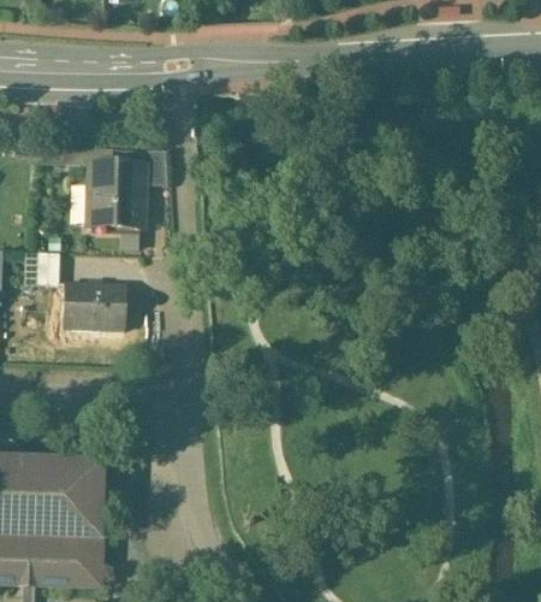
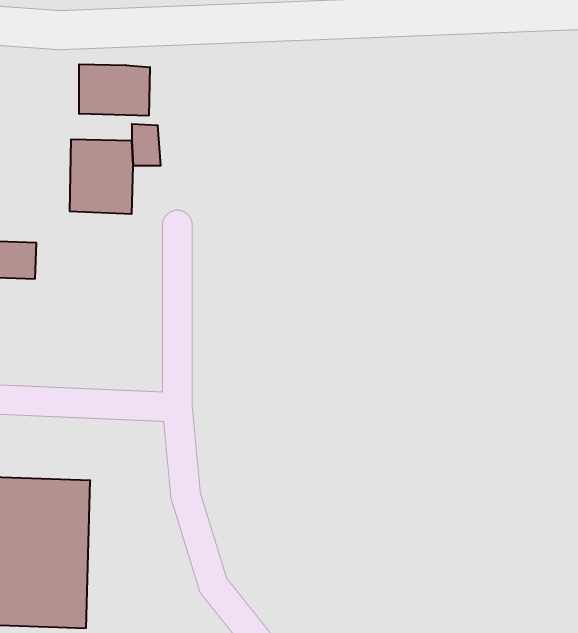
building: none -> [79,64,150,116]
building: [63,283,126,330] -> none

